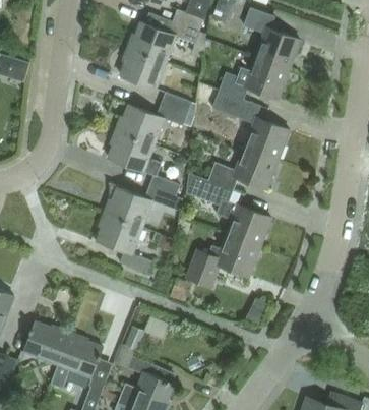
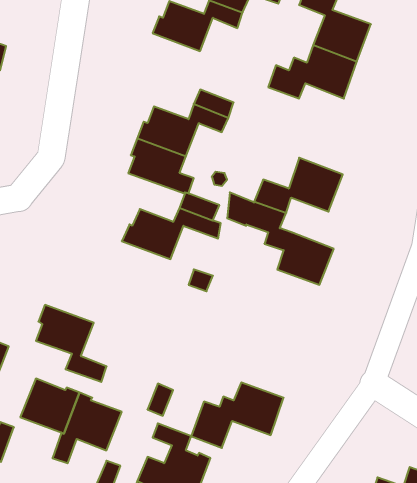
building: [121,48,166,90] -> none
building: [212,91,290,160] -> none
building: [97,213,152,274] -> [36,305,107,382]
building: [187,235,260,287] -> [191,382,284,448]

